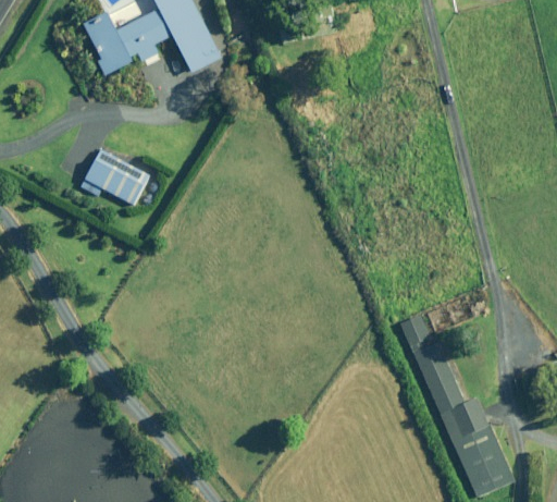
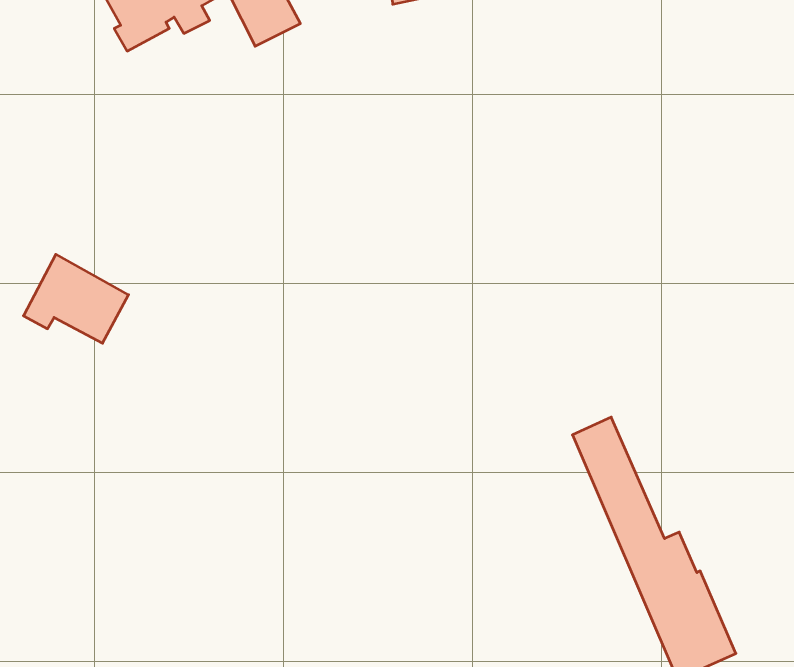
building: [79,145,150,205] -> [23,254,129,343]

